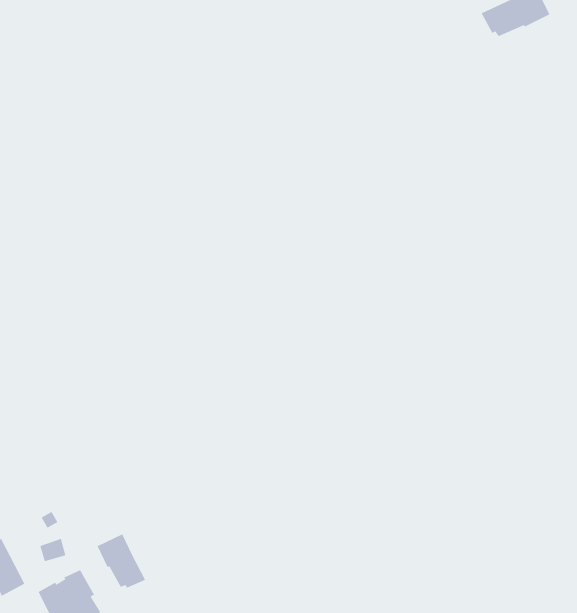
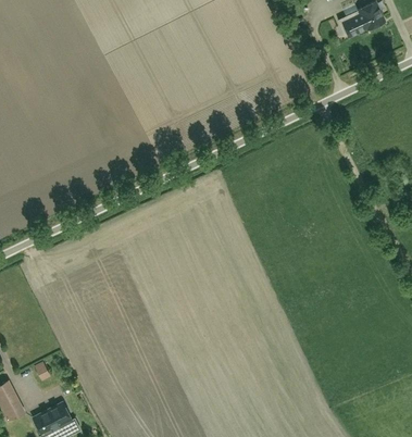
building: [97,533,146,589] -> none

